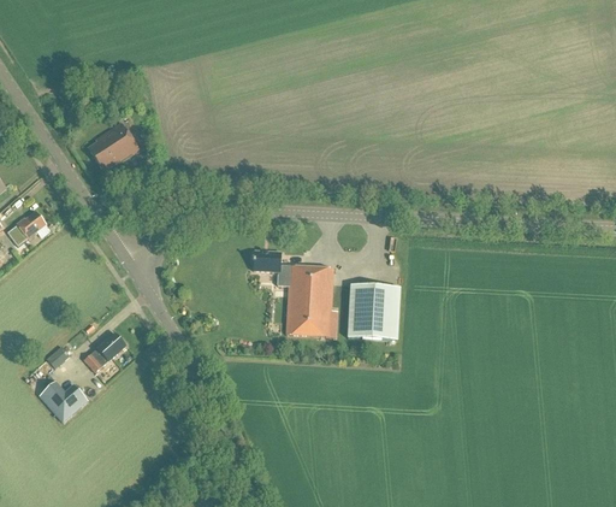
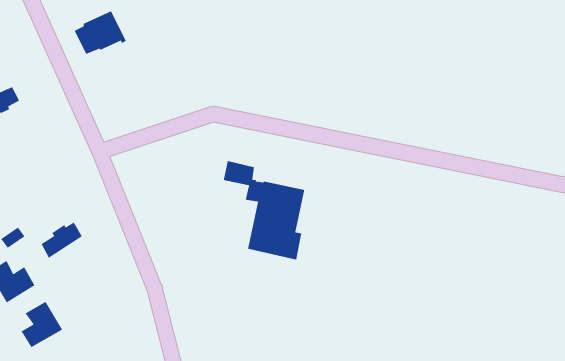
building: [348,284,398,341] -> none
building: none -> [20,301,63,348]

